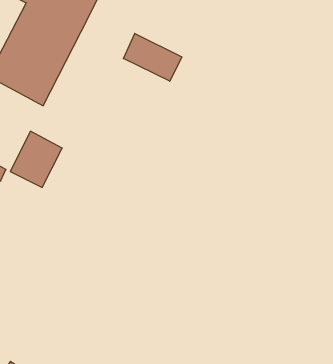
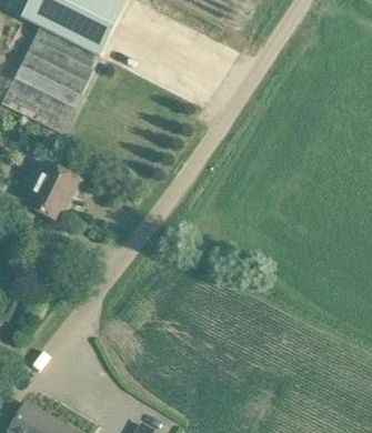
building: [123,33,182,81] -> none

